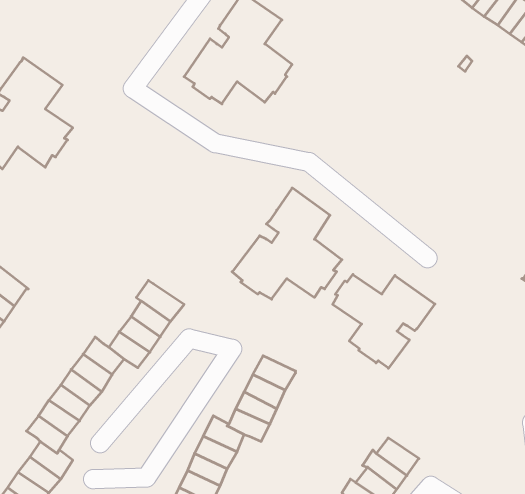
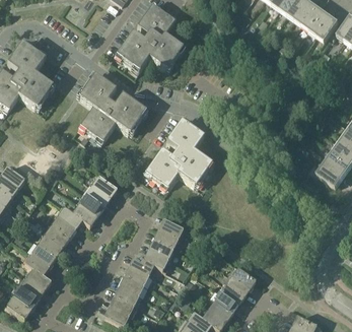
building: none -> [78,73,144,139]
building: [333,274,435,368] -> none

